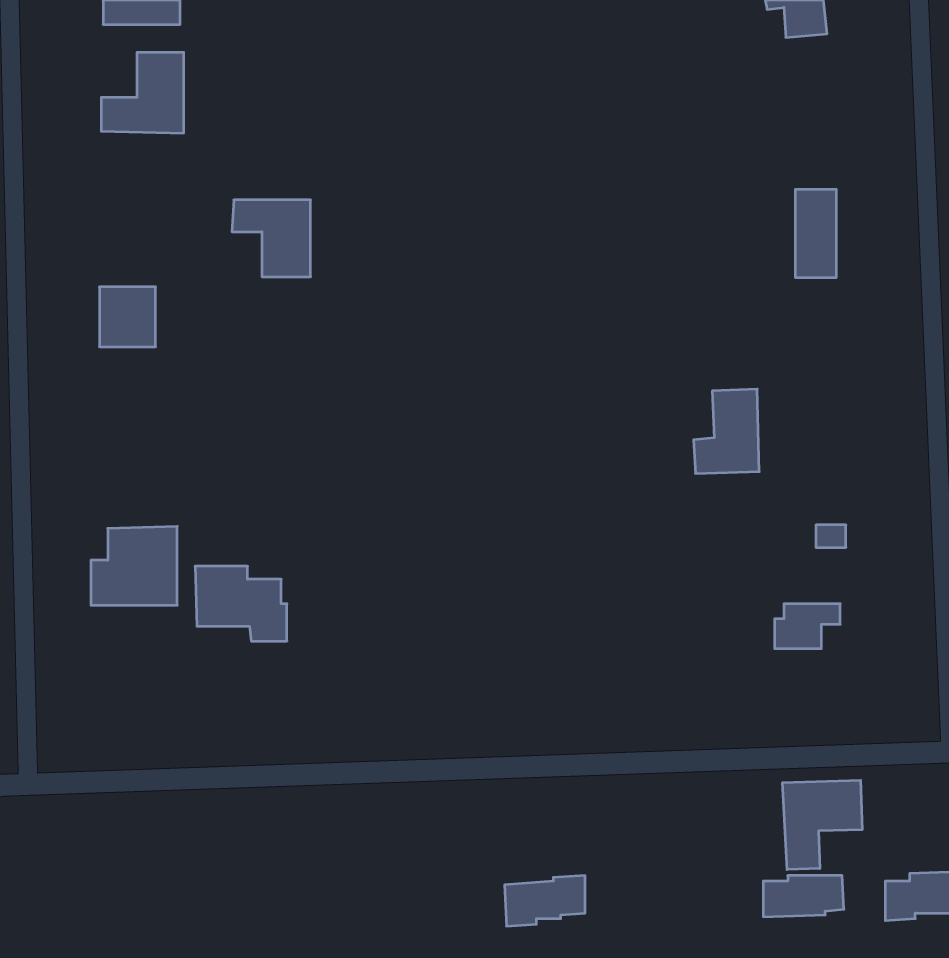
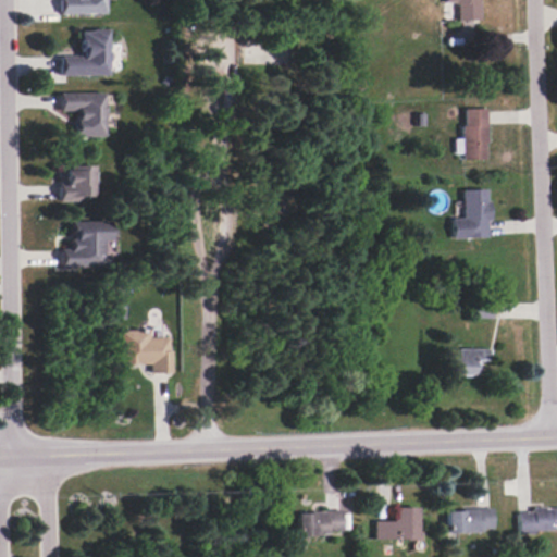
building: [232,200,311,277] -> [62,94,108,138]
building: [694,389,759,473] -> [456,190,494,239]
building: [91,526,177,605] -> [64,223,114,269]
building: [783,780,862,870] -> none
building: none -> [375,507,419,539]

